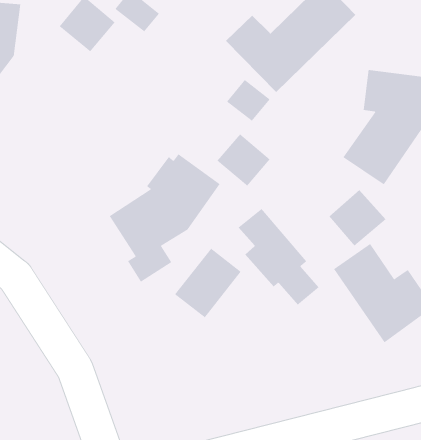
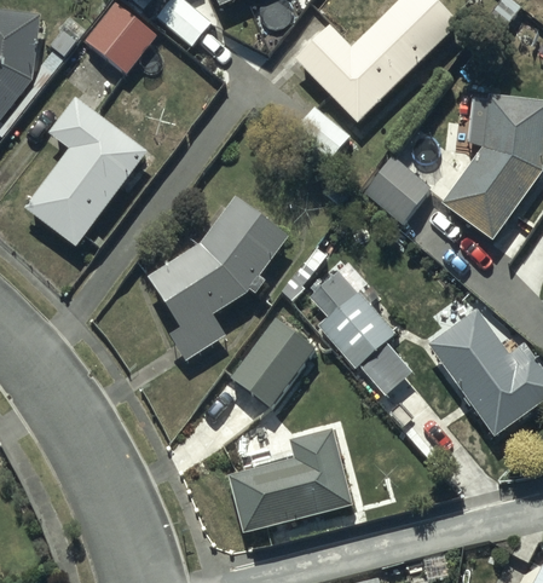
building: none -> [27,97,148,244]
building: [217,134,270,187] -> [363,157,431,224]
building: [328,189,386,247] -> none
building: none -> [230,428,352,529]

